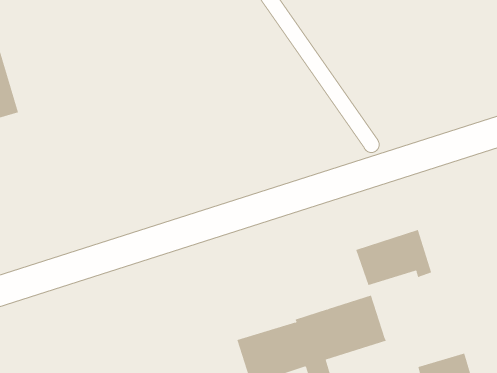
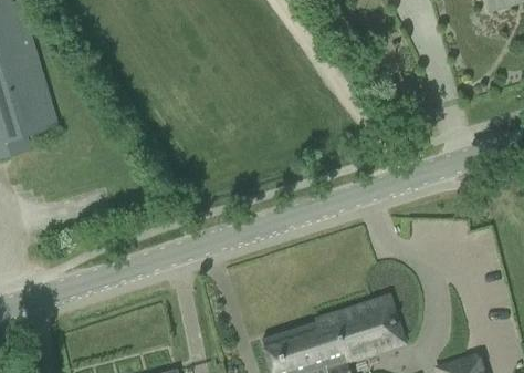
building: [356,229,432,286] -> none

